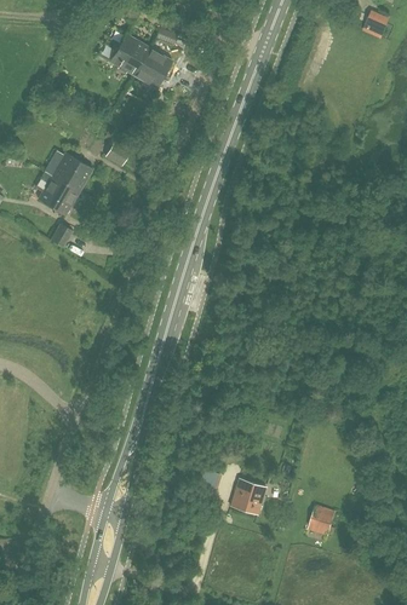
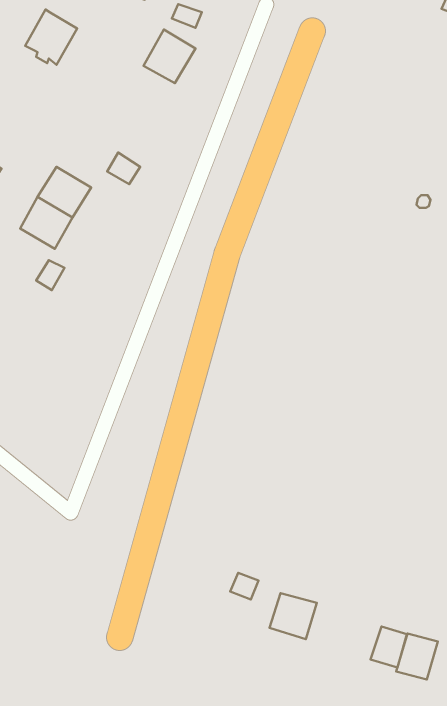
building: [109,33,149,75] -> [25,9,77,65]
building: none -> [396,634,438,679]

